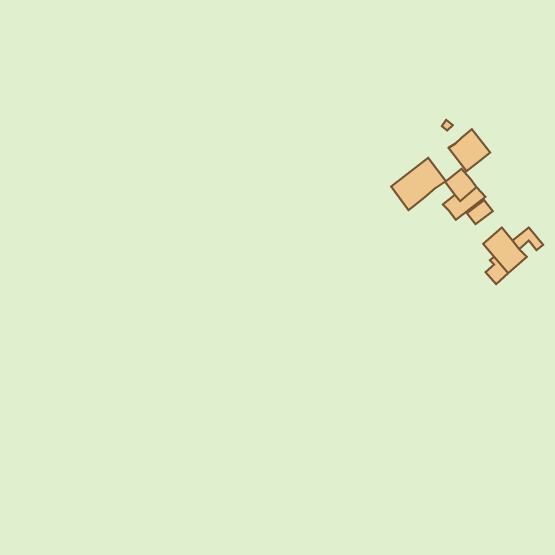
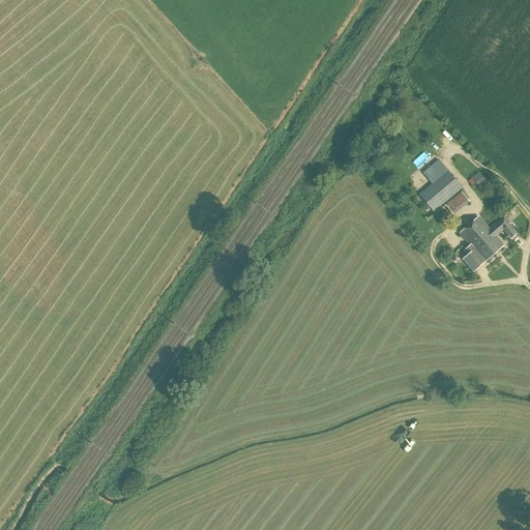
building: [448,129,490,171] -> none
building: [391,158,446,210] -> none

